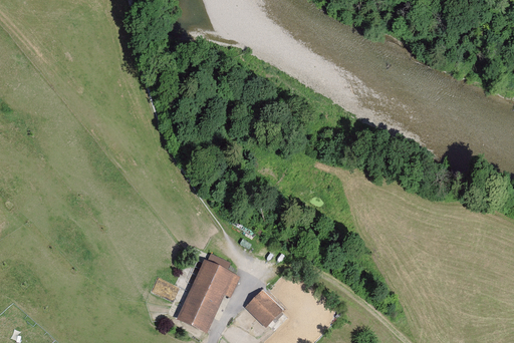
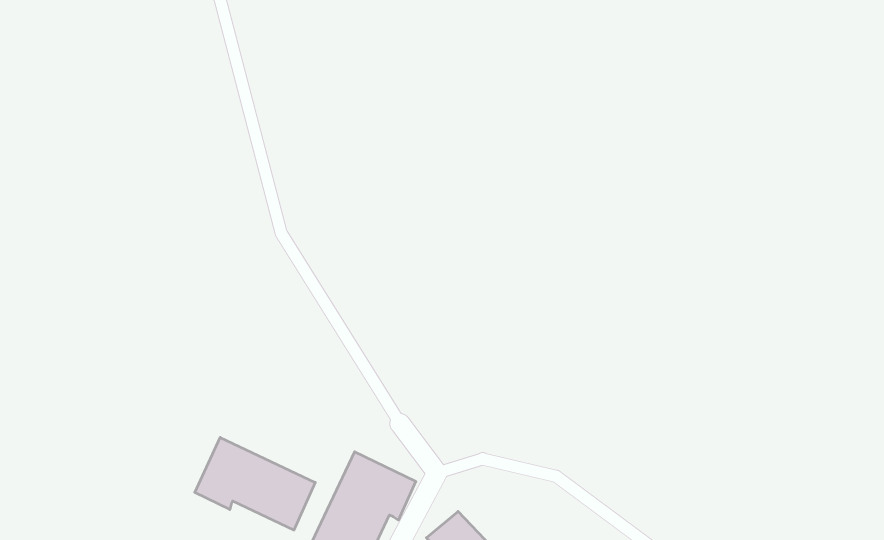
building: none -> [195,437,315,530]

